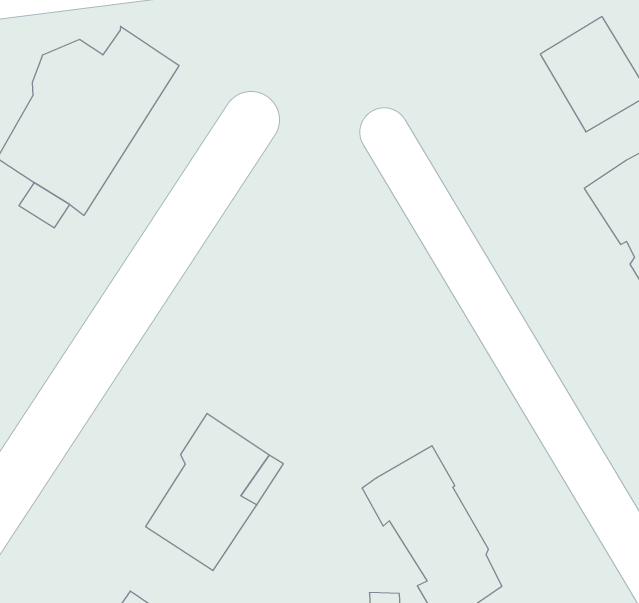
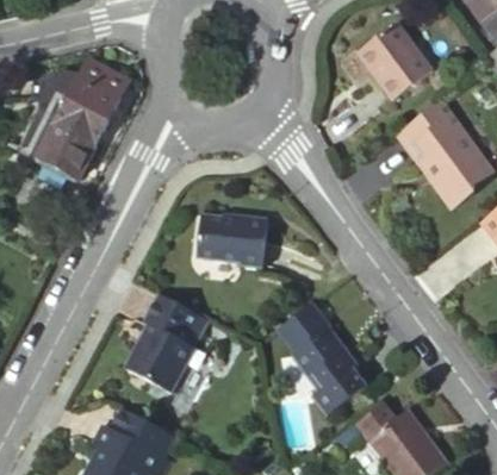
building: none -> [206,217,278,268]

